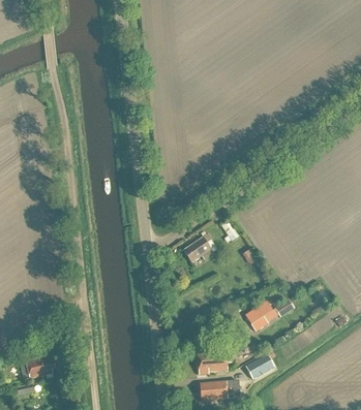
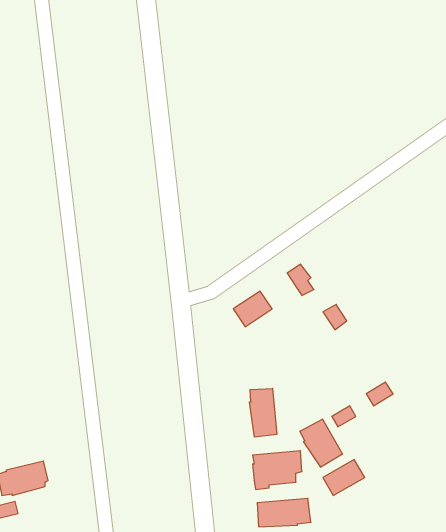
building: none -> [249,388,277,437]
building: none -> [300,419,342,467]

